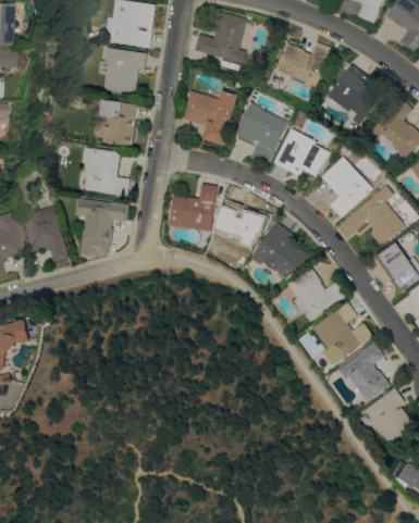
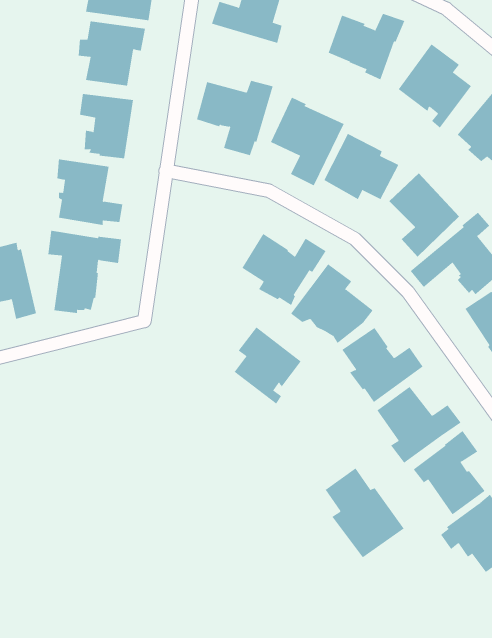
building: [169,184,217,231] -> none
building: none -> [234,326,301,404]
building: none -> [325,468,404,558]

